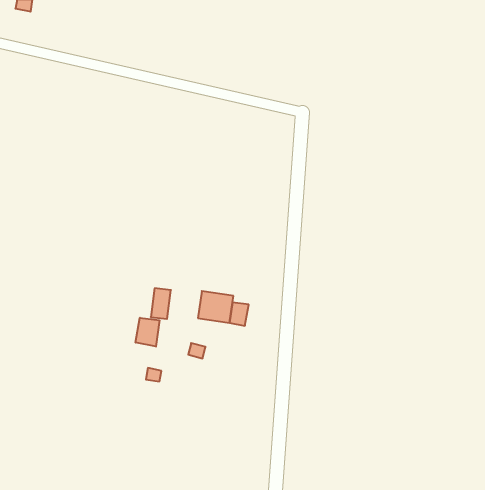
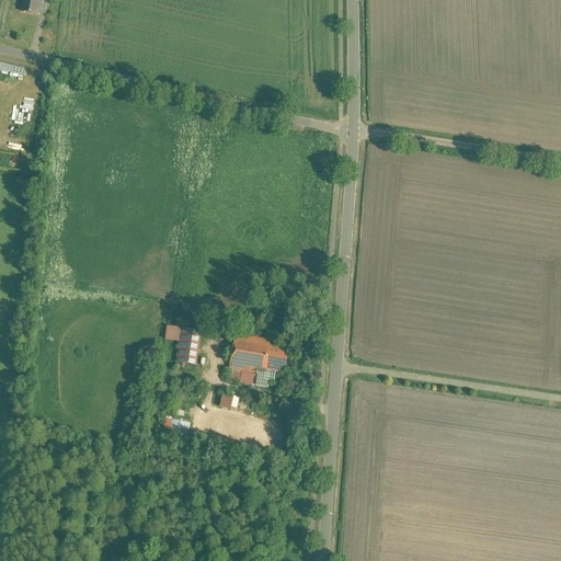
building: [136,318,159,347] -> none

